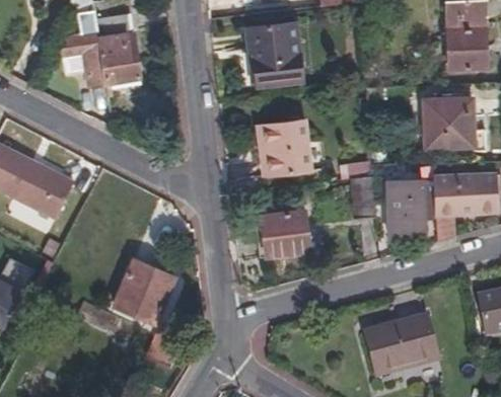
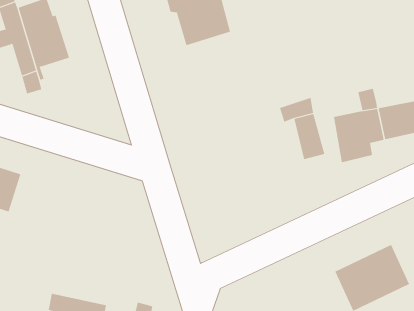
building: [427,97,475,146] -> none
building: [249,128,295,175] -> none
building: [261,198,310,254] -> none
building: [113,263,172,327] -> none

